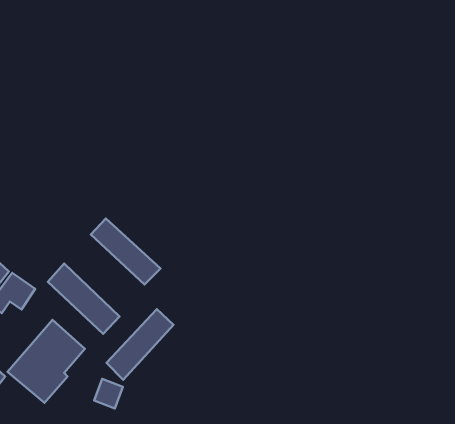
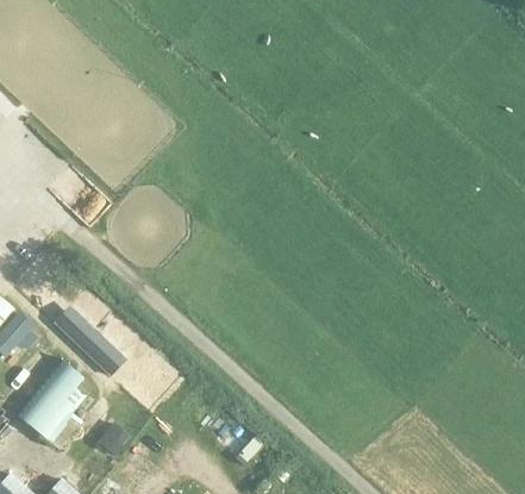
building: [91,219,161,285] -> none
building: [106,309,173,380] -> none

